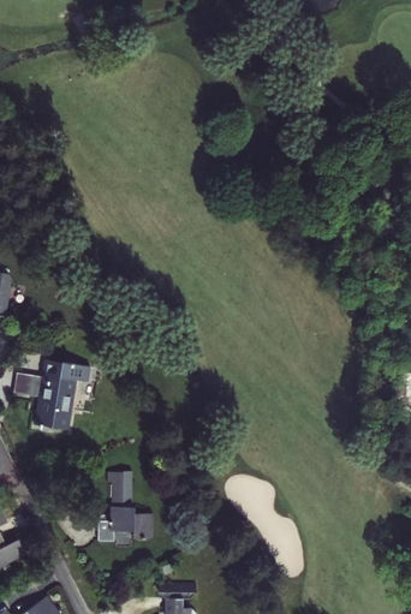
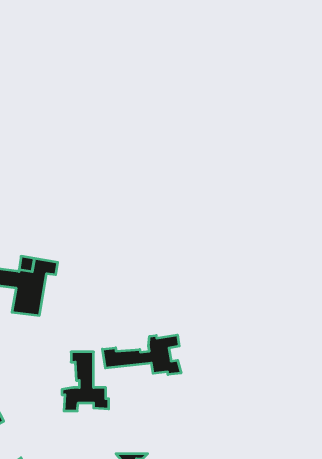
building: none -> [102,335,181,375]

